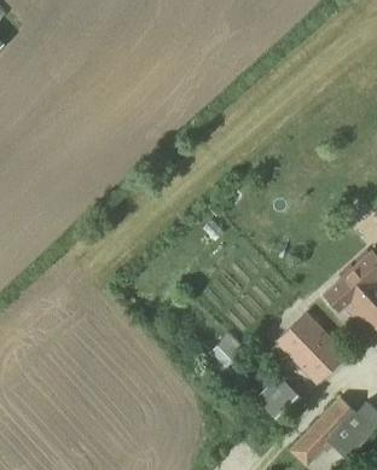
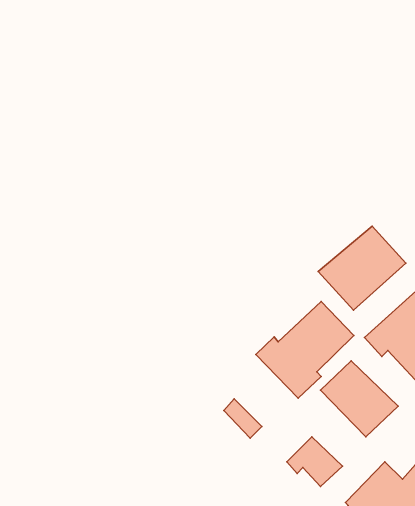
building: none -> [318,226,406,310]
building: none -> [256,301,354,398]

